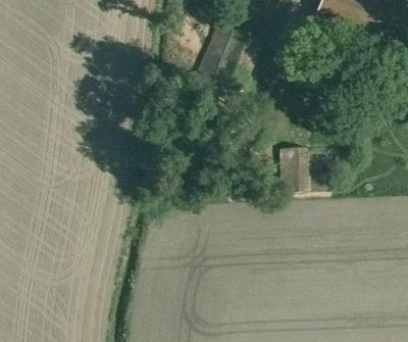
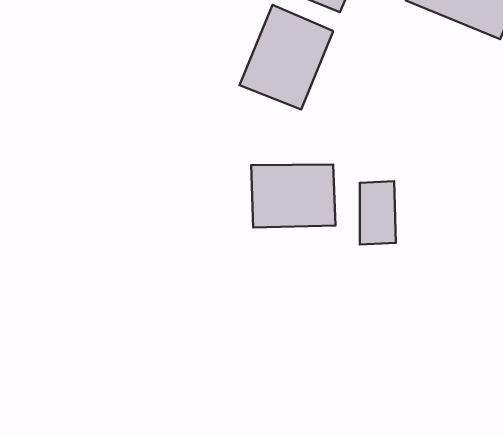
building: none -> [251,164,336,227]

